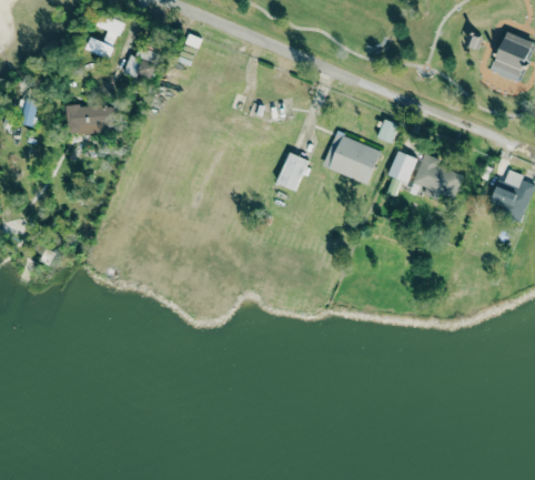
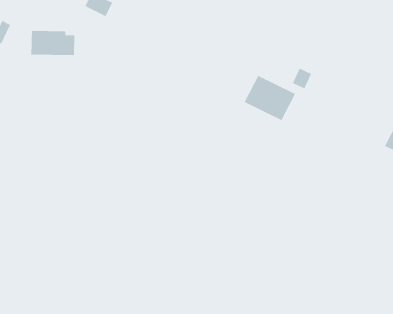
building: [387,151,416,183] -> none
building: [276,153,306,191] -> none
building: [412,154,465,202] -> none

